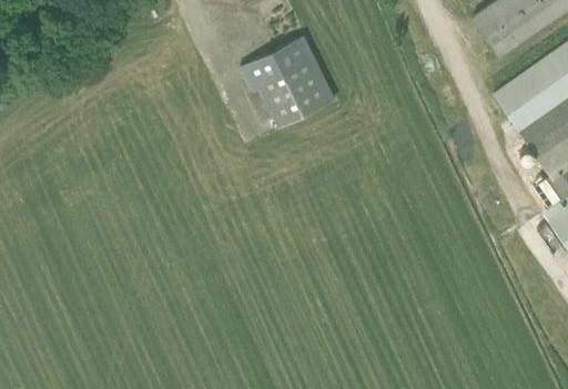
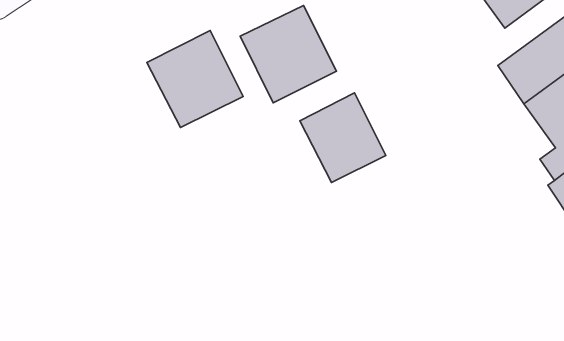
building: none -> [147,30,243,128]
building: none -> [300,93,386,183]

